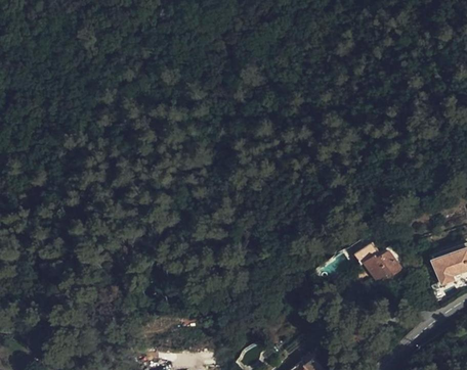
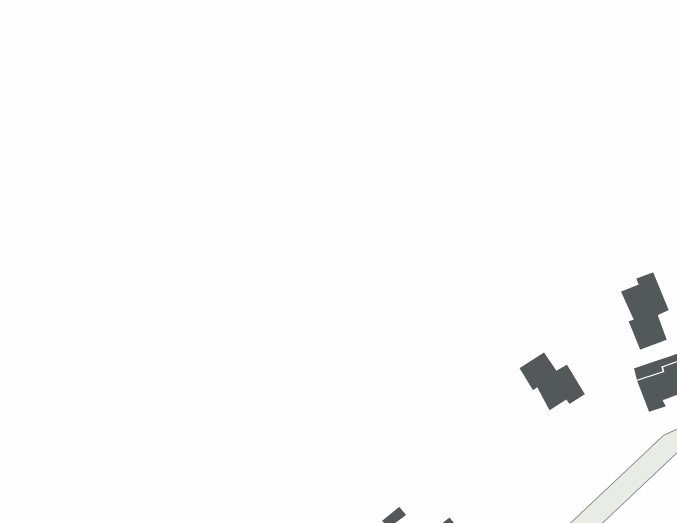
building: none -> [620,271,669,350]

